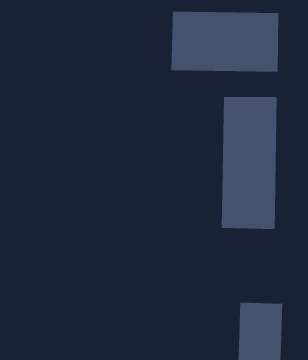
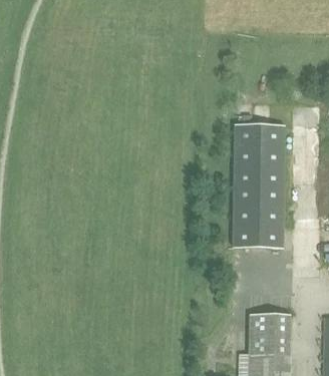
building: [170,11,279,73] -> none

